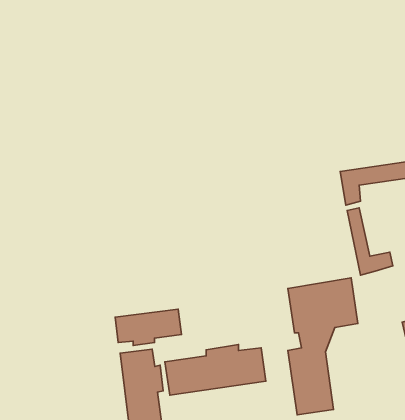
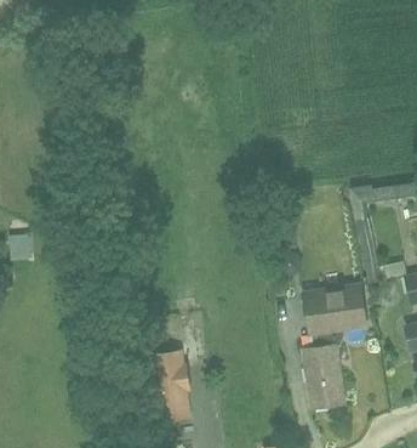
building: [115,309,181,345] -> none
building: [165,345,266,395] -> none

